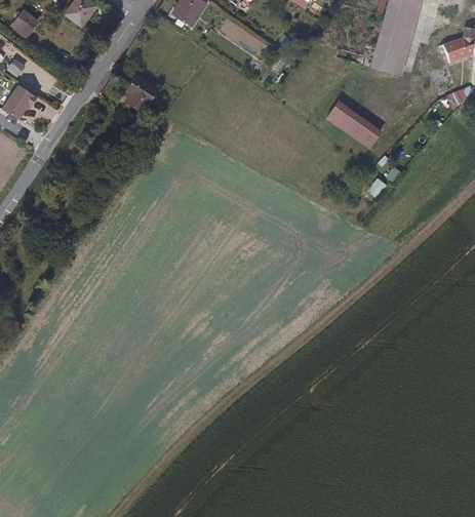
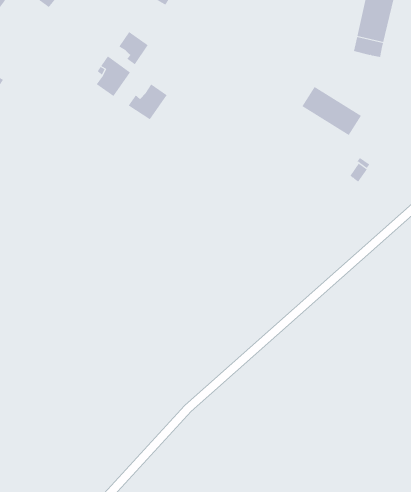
building: none -> [119,31,148,65]
building: none -> [128,83,168,120]

